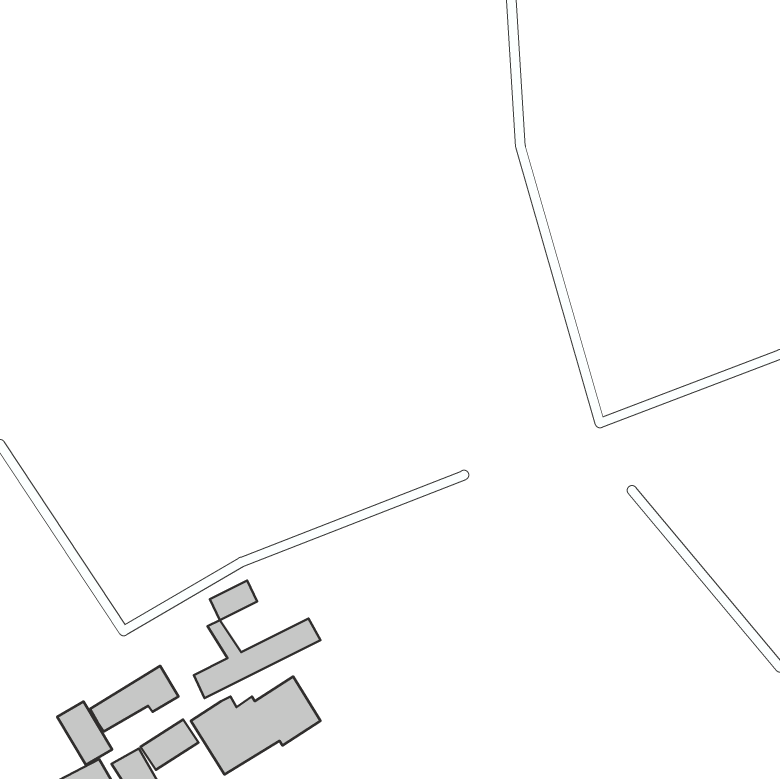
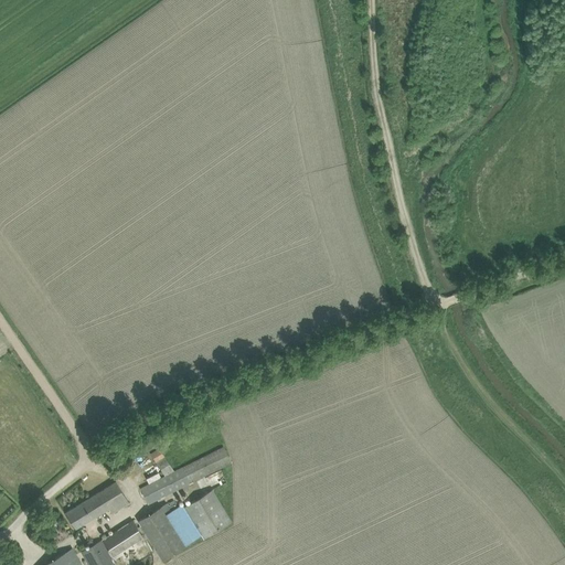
building: [210,581,257,620] -> none
building: [57,702,112,765] -> none

